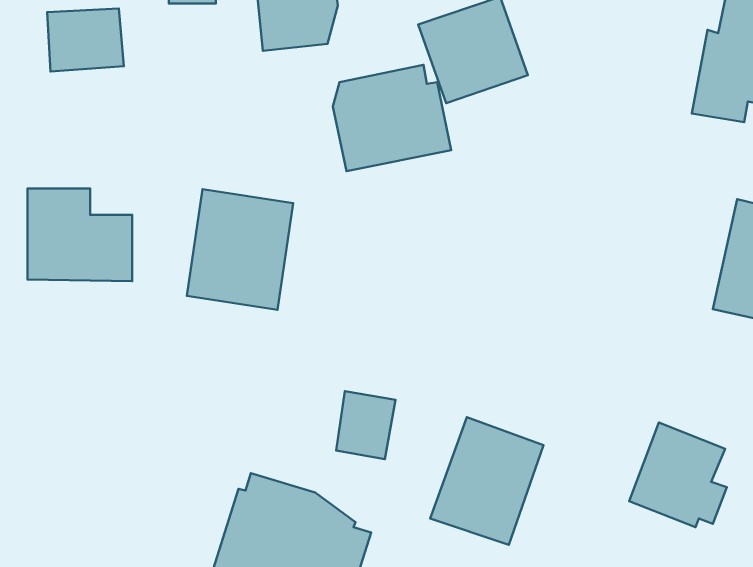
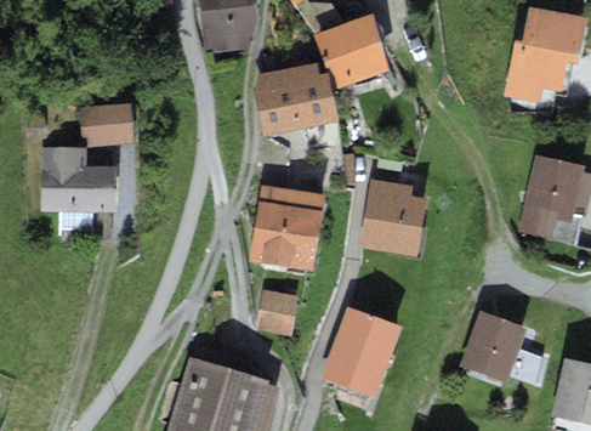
building: [47,9,124,71] -> [79,103,132,147]
building: [187,189,293,310] -> [250,186,324,270]
building: none -> [359,180,428,256]

